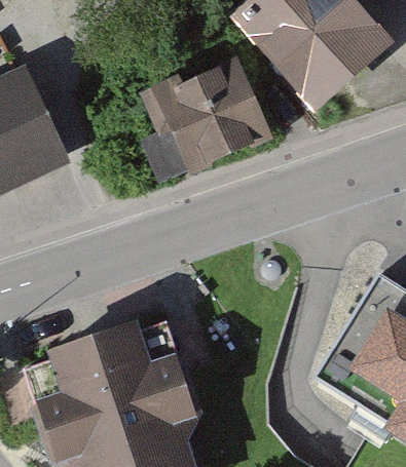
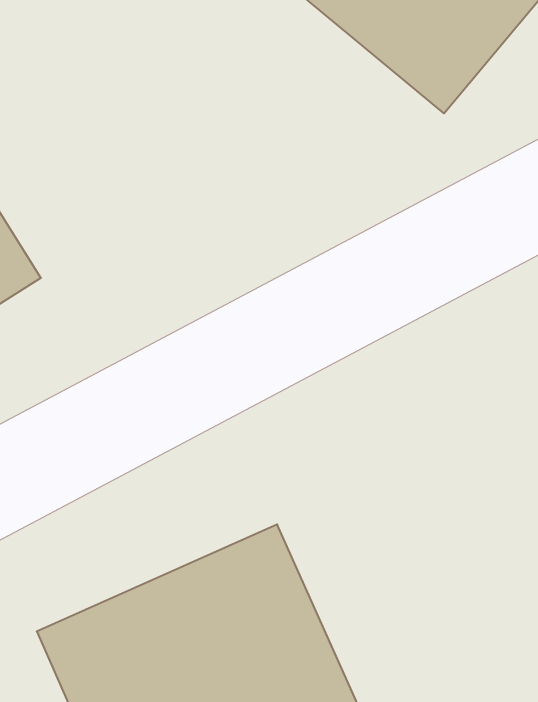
building: [150,59,261,169] -> none

